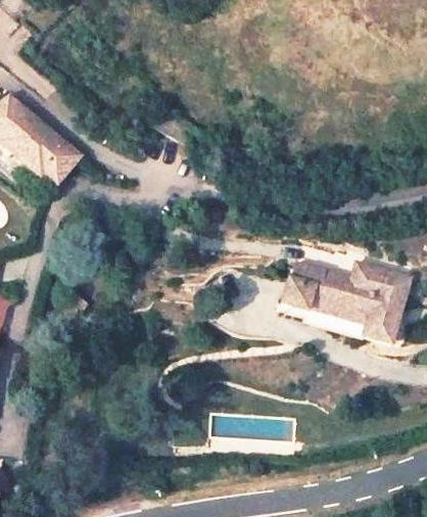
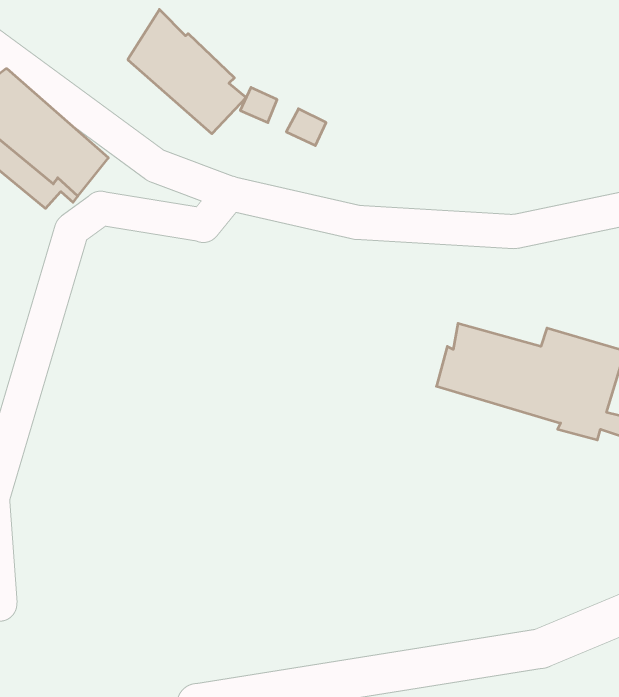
building: none -> [128,9,246,134]

